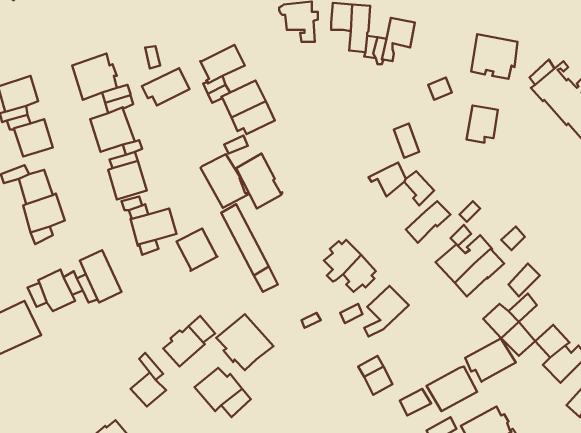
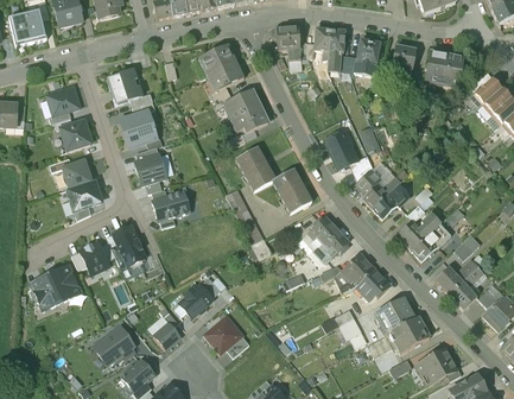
building: [142,68,190,106] -> [198,44,236,74]
building: [467,105,498,143] -> [391,46,415,76]
building: none -> [324,131,357,169]
building: [201,154,248,208] -> [273,170,311,213]
building: none -> [355,170,388,208]
building: [177,229,217,271] -> none
building: none -> [356,268,391,300]
building: [216,314,274,370] -> none
building: [465,339,516,382] -> [375,299,415,334]
building: none -> [96,327,134,363]

